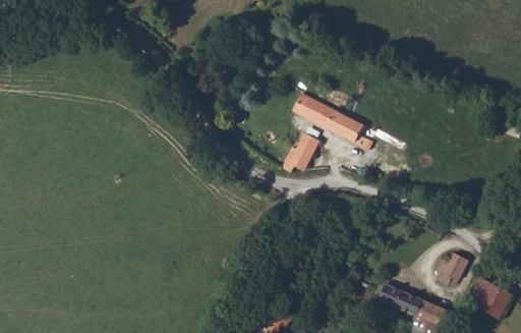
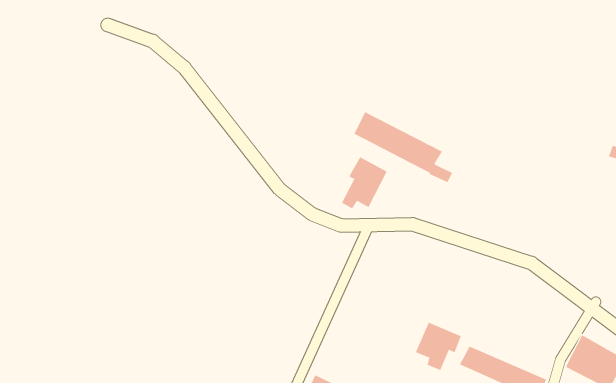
building: [436,253,468,286] -> none
building: none -> [415,322,462,371]

